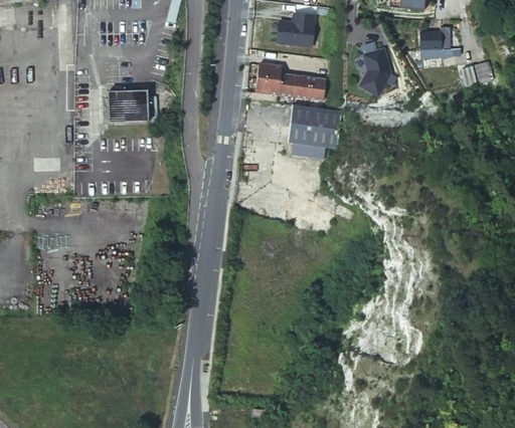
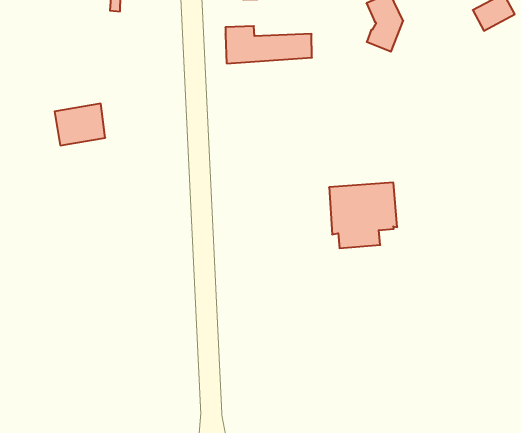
building: [289,102,345,156] -> [329,183,397,248]

